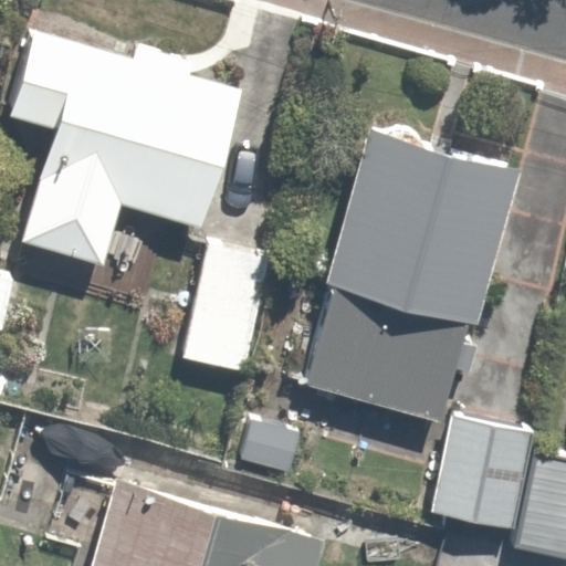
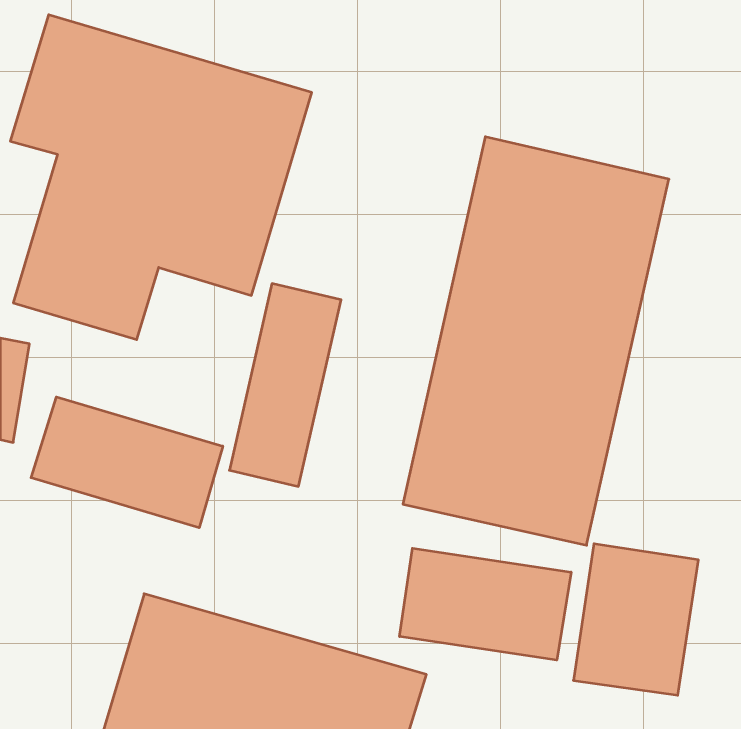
building: none -> [31,397,223,528]
building: none -> [400,548,571,660]

